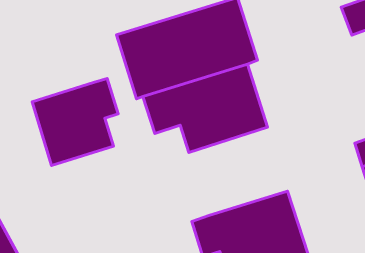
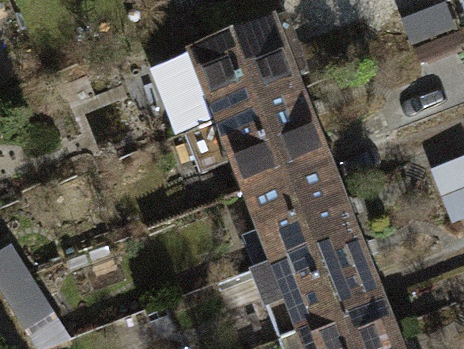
building: [32,79,118,165] -> none
building: none -> [242,156,356,260]

